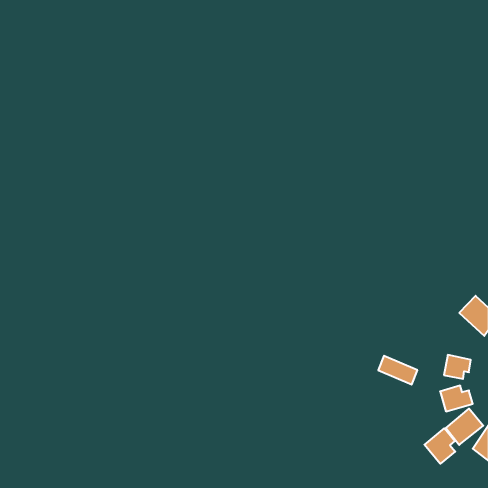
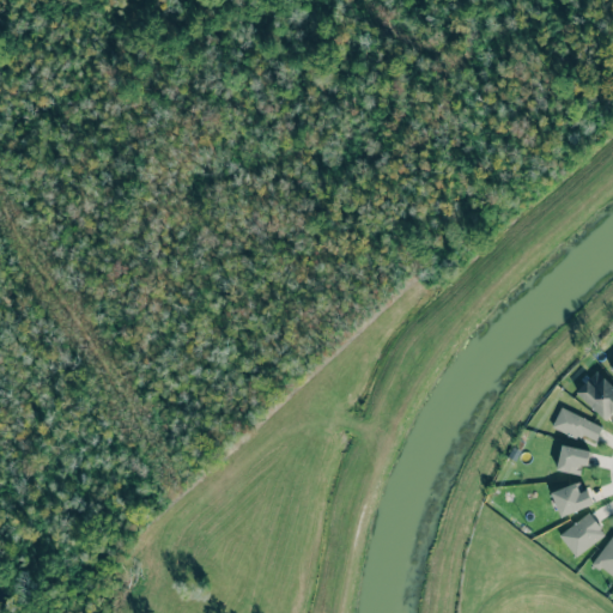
building: [378,356,417,385] -> [553,408,602,444]
building: [424,428,455,464] -> none

